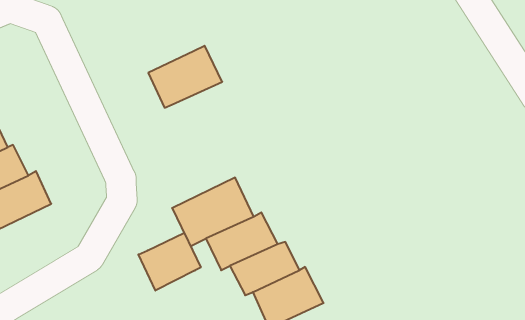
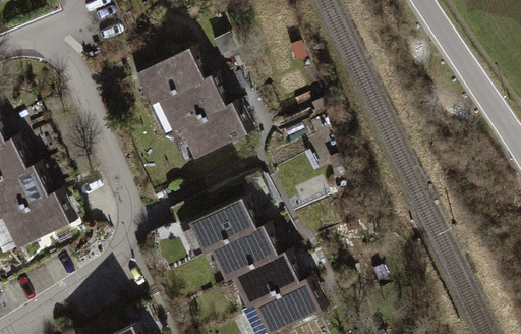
building: none -> [138,52,199,102]
building: none -> [179,105,246,160]
building: [138,233,201,291] -> none

